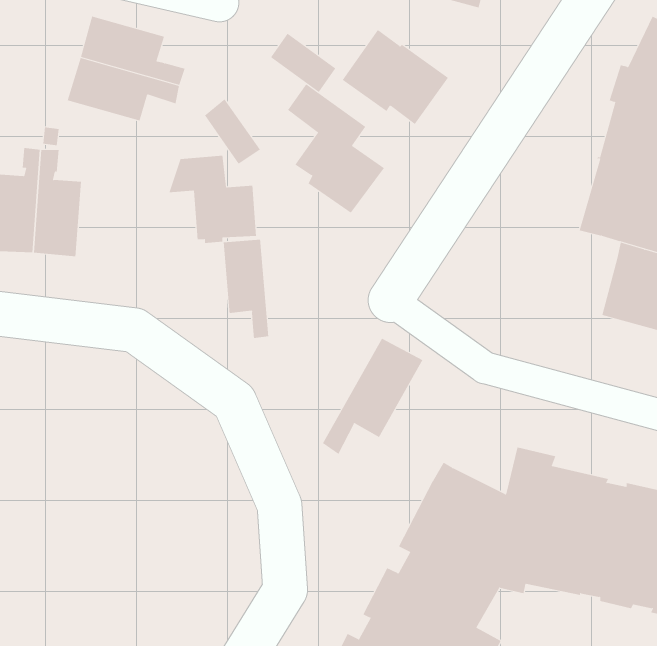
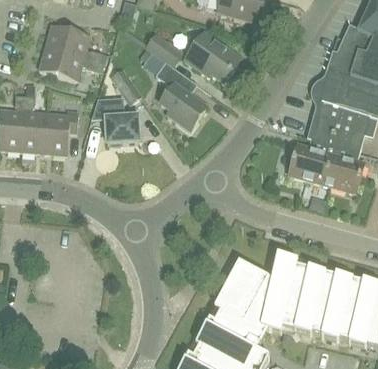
building: none -> [43,113,78,155]
building: none -> [288,142,332,184]
building: [223,239,269,339] -> none
building: [322,338,423,455] -> none

